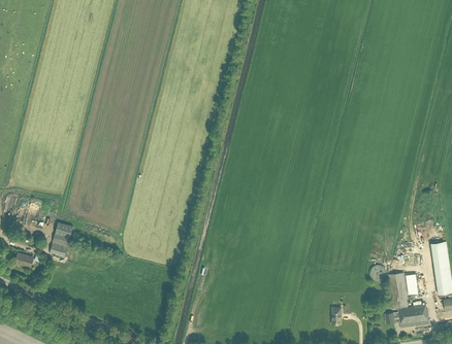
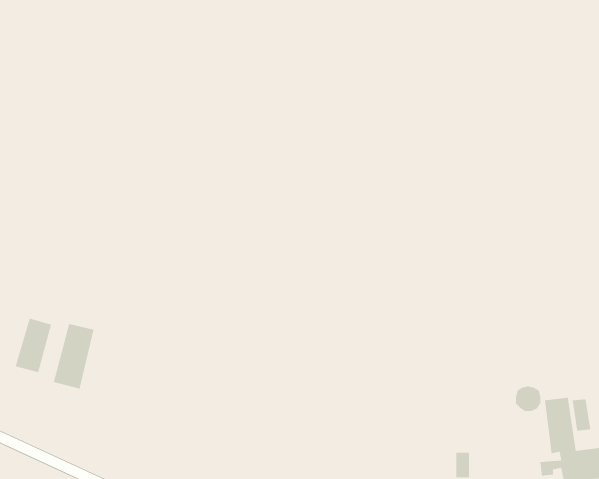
building: none -> [53,323,94,390]

